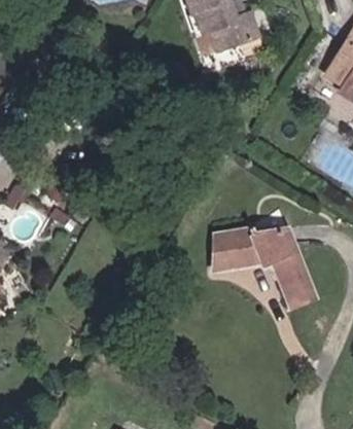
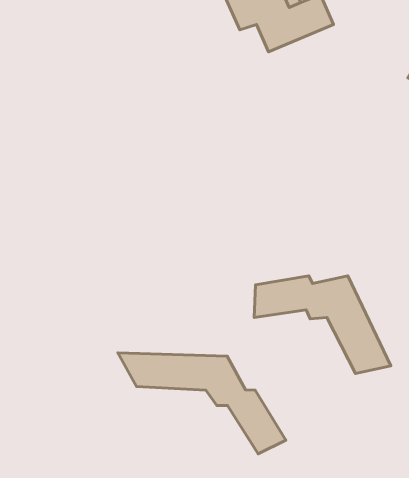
building: none -> [118,353,286,454]

